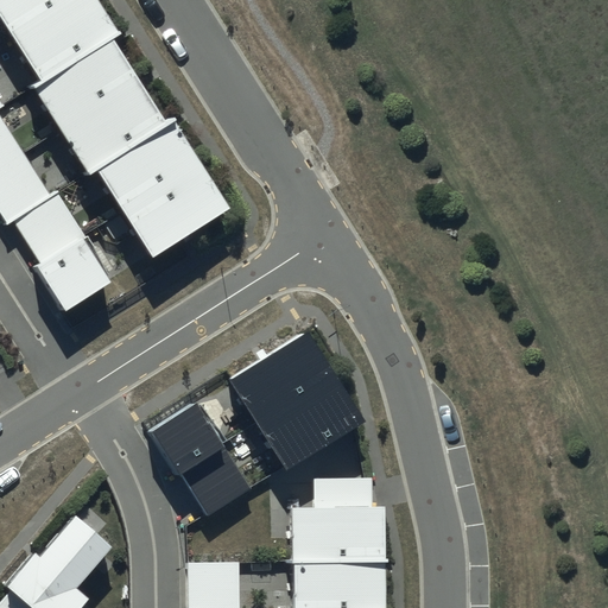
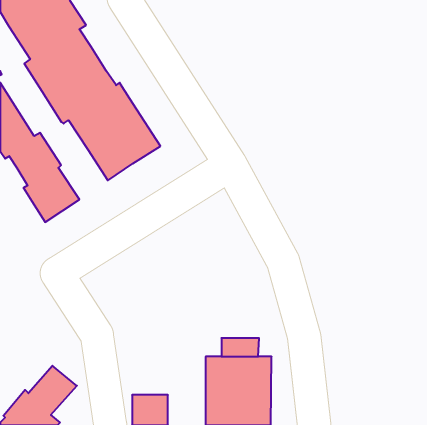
building: [228,330,365,470] -> none
building: [151,405,249,515] -> none

